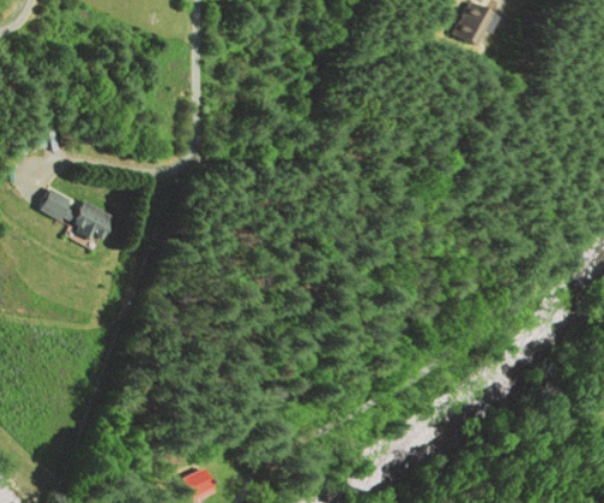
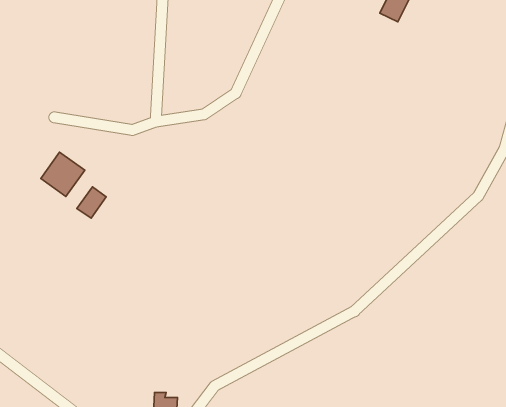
building: [39,186,75,222] -> none
building: none -> [77,187,106,218]

